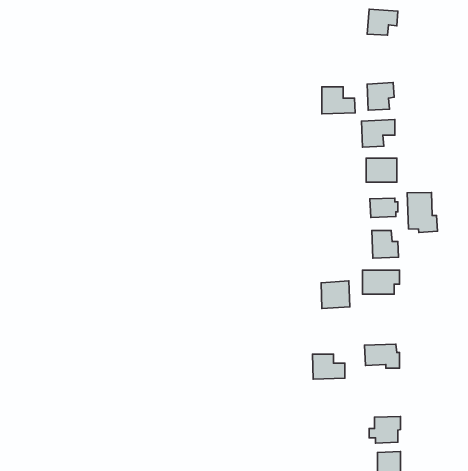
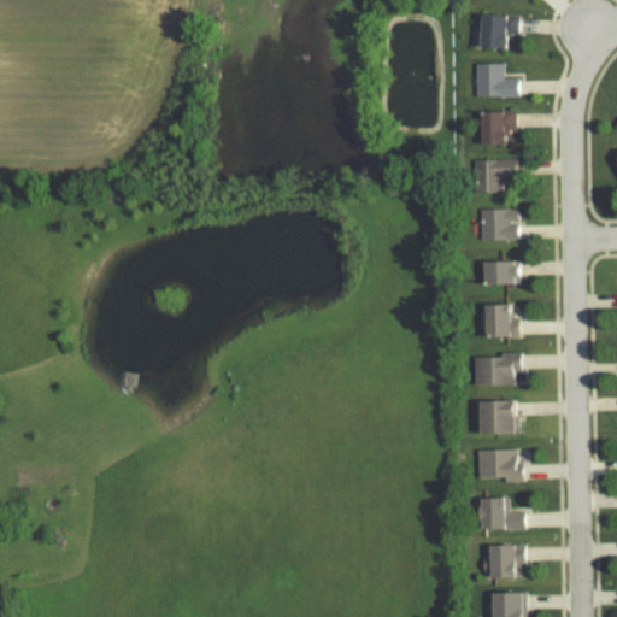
building: [322,87,355,114] -> [474,63,517,98]
building: [407,192,438,232] -> none
building: [321,281,350,309] -> [478,399,516,435]
building: [312,354,345,379] -> [481,498,523,530]

